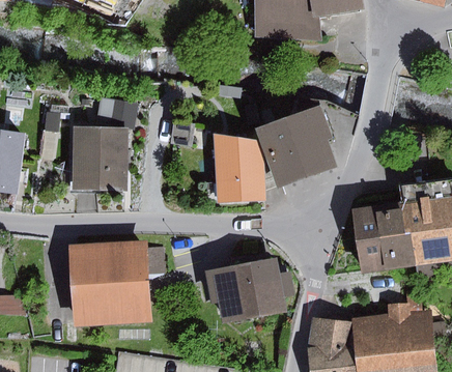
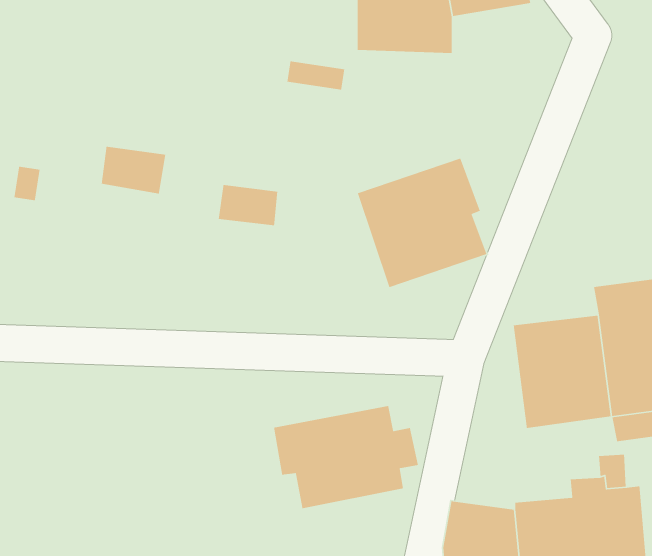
building: [73,128,125,192] -> none
building: [214,135,265,202] -> none
building: [68,240,165,324] -> none

